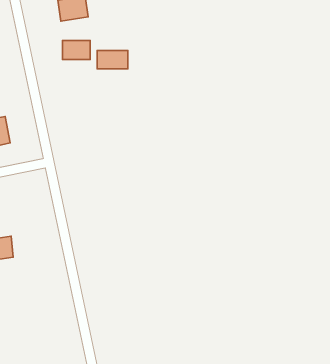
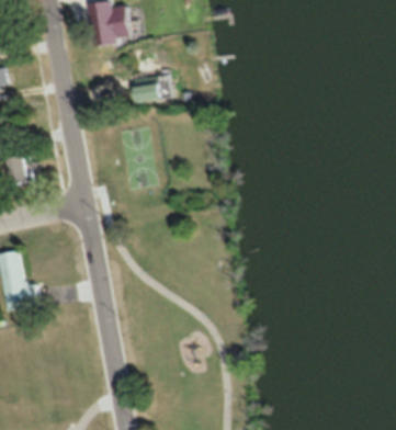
building: [62,41,90,60] -> none

